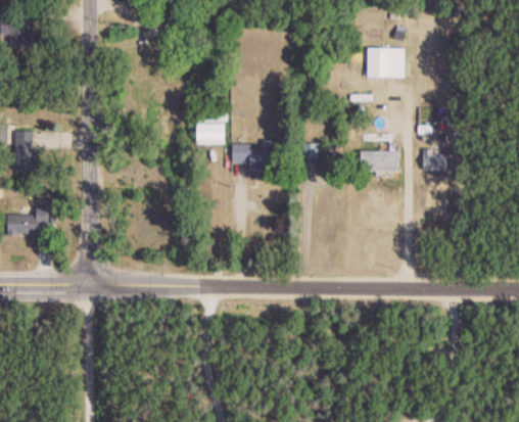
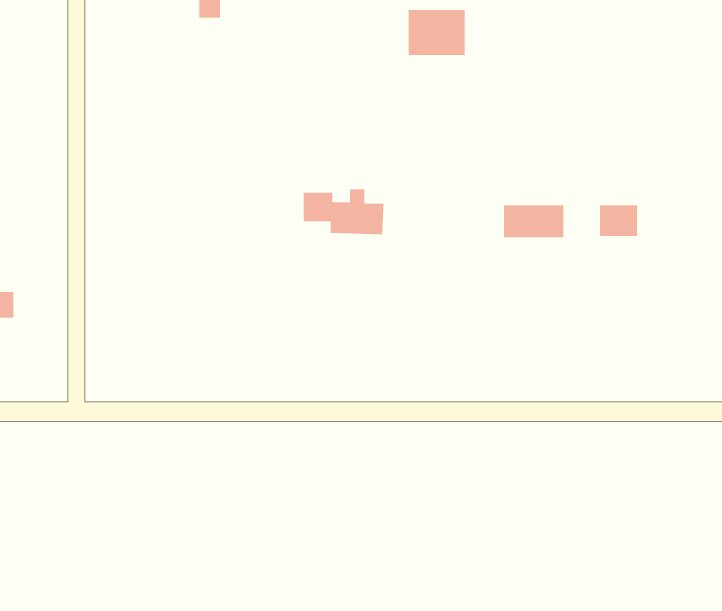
building: [367,47,404,77] -> [408,9,465,56]
building: [197,124,224,142] -> none

